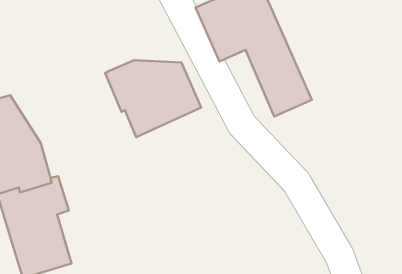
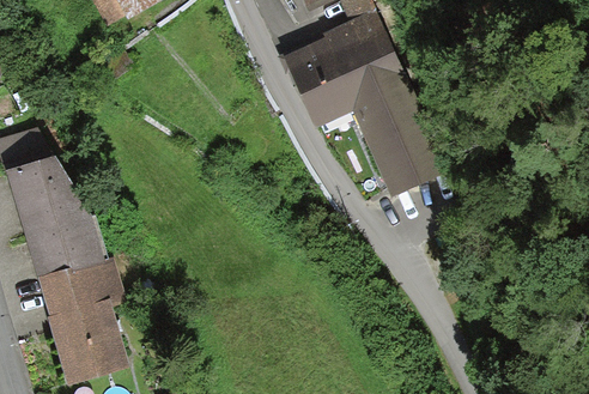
building: [105,60,201,137] -> none

